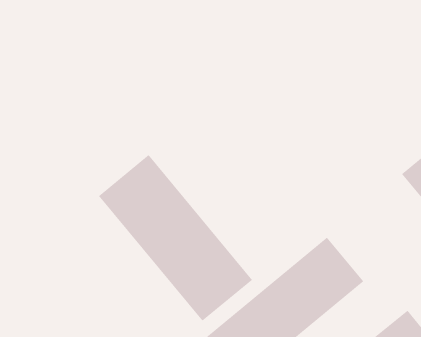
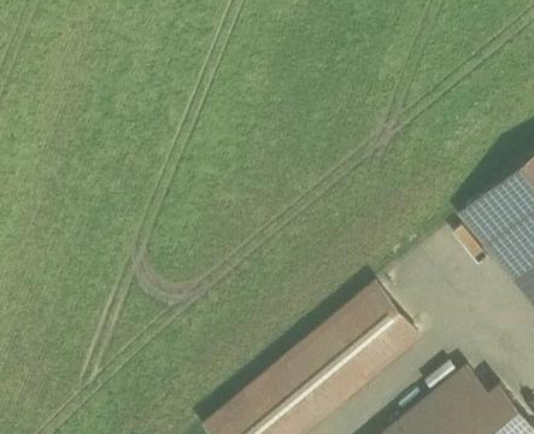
building: [98,154,253,322] -> none

